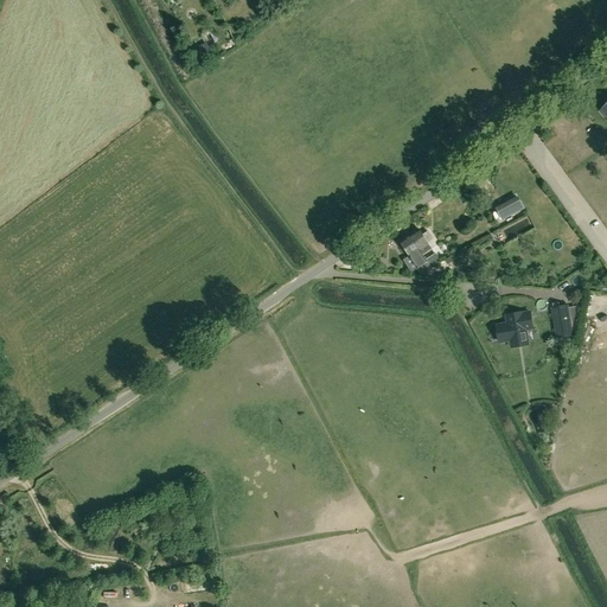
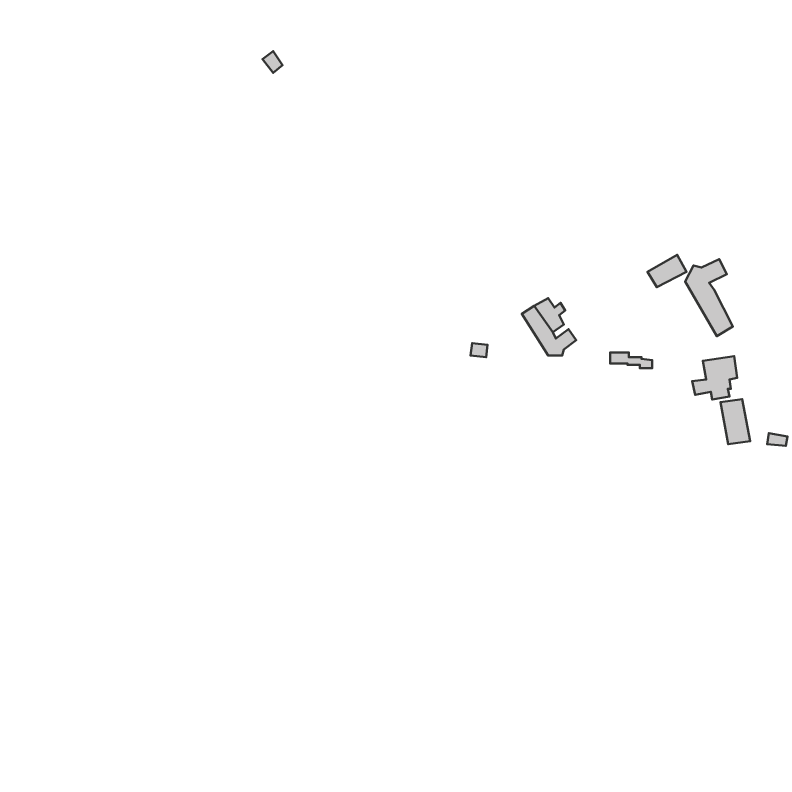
building: none -> [685,259,733,336]
building: [497,311,531,344] -> [692,356,737,400]

